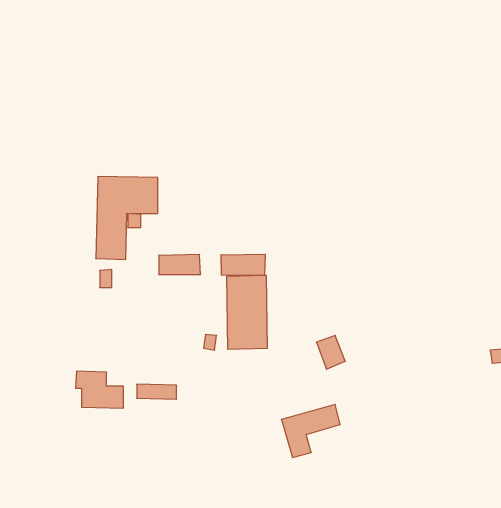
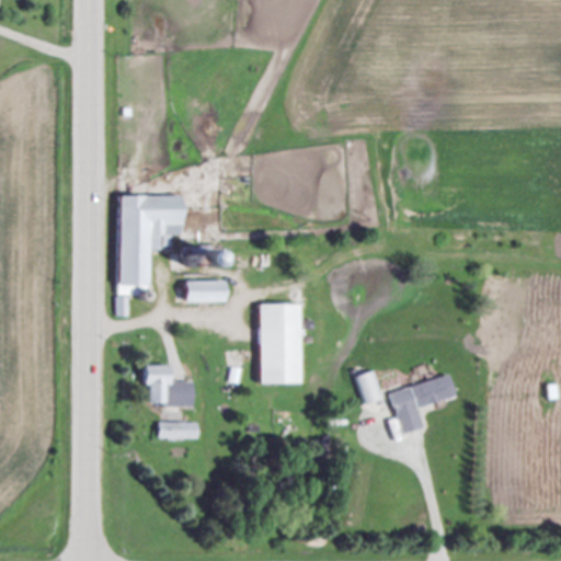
building: [221,254,265,275] -> none
building: [76,371,123,408] -> [141,365,194,405]
building: [281,405,340,457] -> [391,375,456,433]

